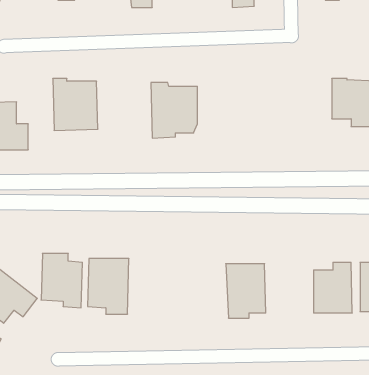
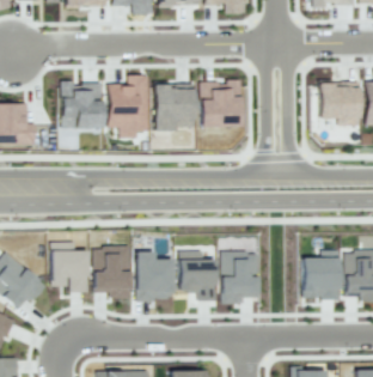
building: none -> [109,73,151,139]
building: none -> [201,80,241,126]
building: none -> [179,250,216,300]
building: none -> [137,251,175,299]

